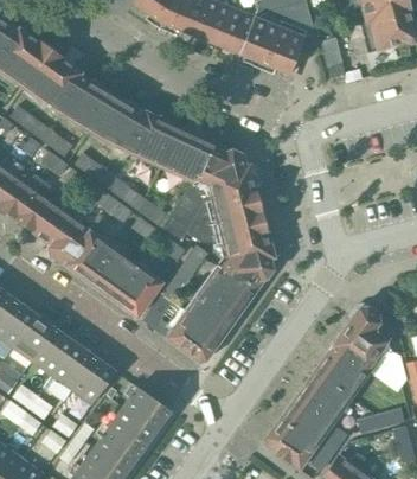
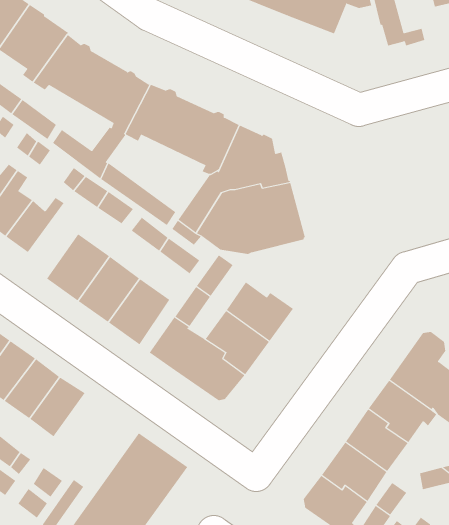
building: [50,206,90,266] -> none
building: [222,235,275,289] -> none
building: [71,356,116,404] -> none

